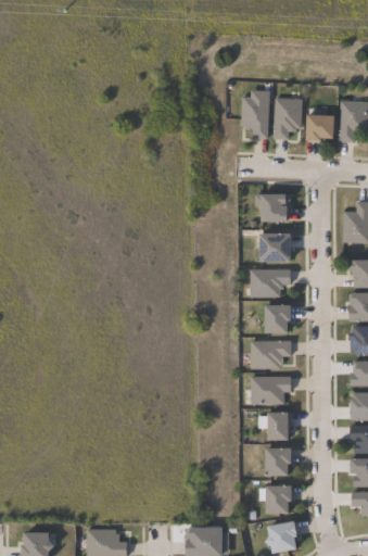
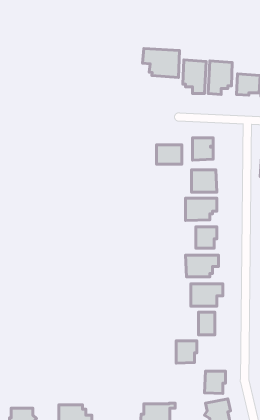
building: none -> [142,49,179,78]
building: none -> [157,145,182,164]
building: [269,448,295,477] -> [176,341,197,363]

